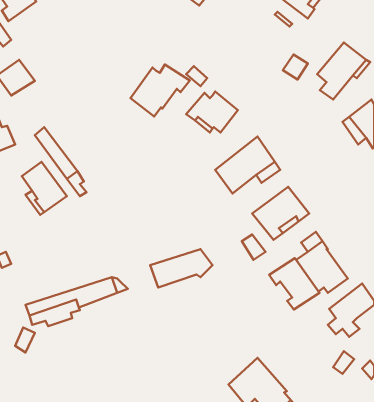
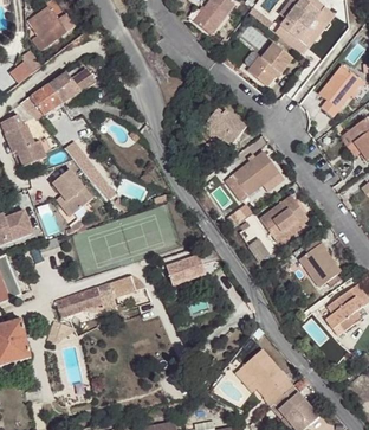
building: none -> [244,44,291,88]
building: none -> [51,70,95,101]
building: [131,65,190,116] -> none
building: [269,258,319,310] -> none

